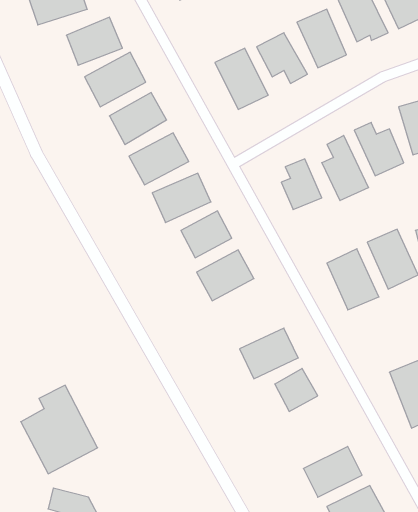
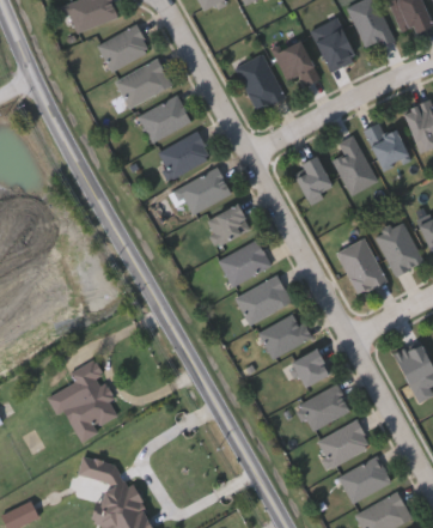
building: none -> [234,274,291,324]
building: none -> [298,384,349,431]

